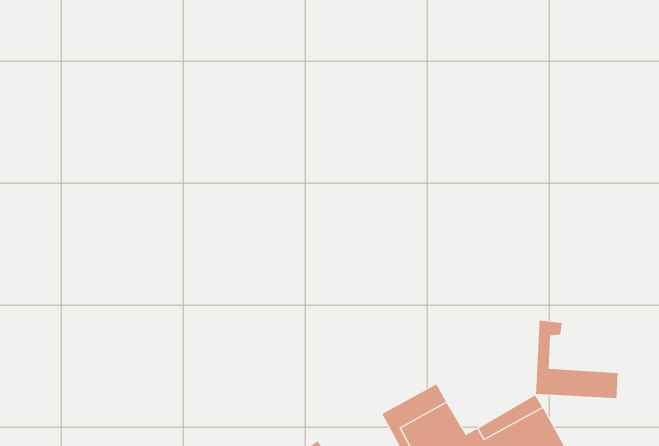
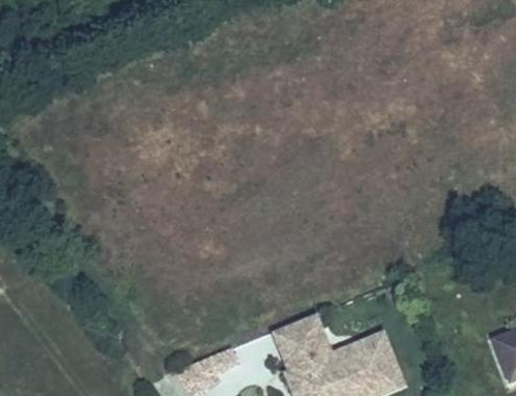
building: [535,320,618,399] -> none

